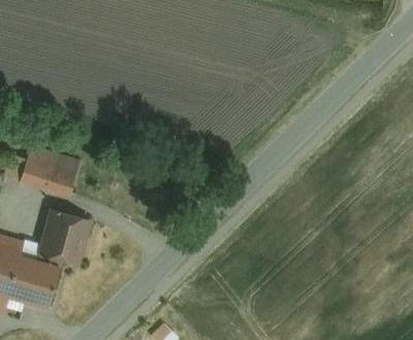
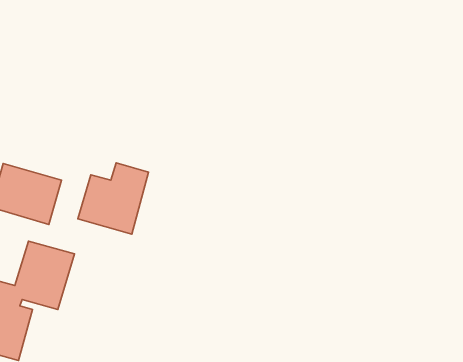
building: none -> [78,163,148,234]

